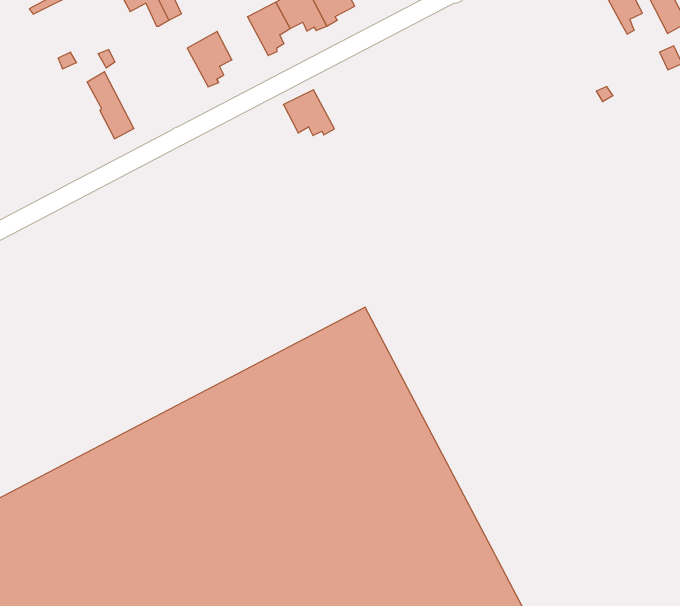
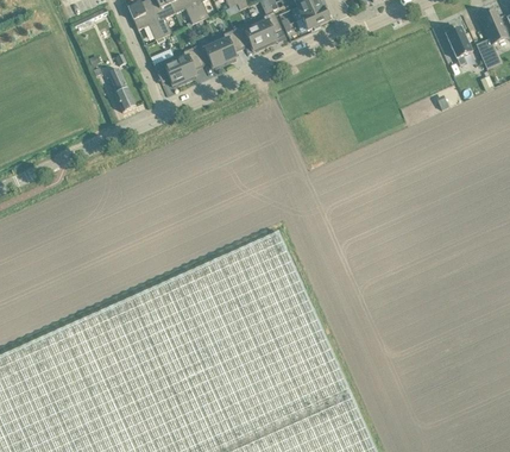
building: none -> [155,56,187,86]
building: [283,90,334,136] -> [195,38,227,68]

